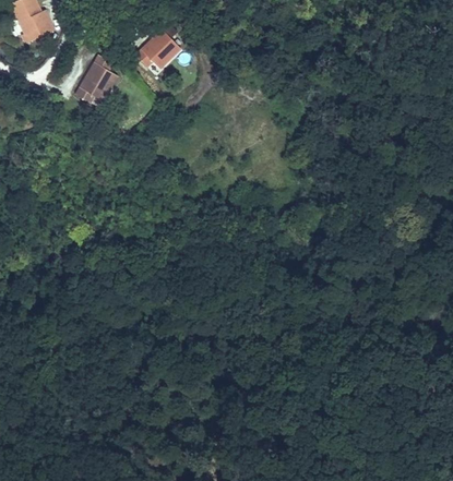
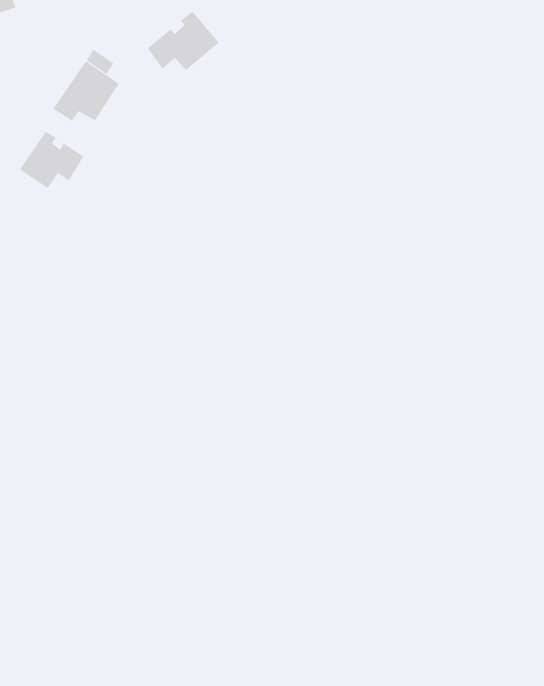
building: none -> [19,131,84,189]

